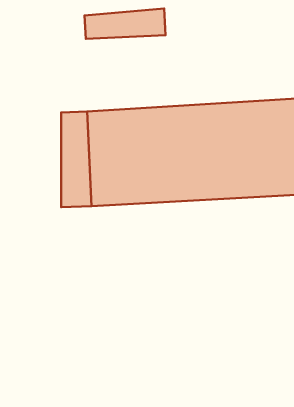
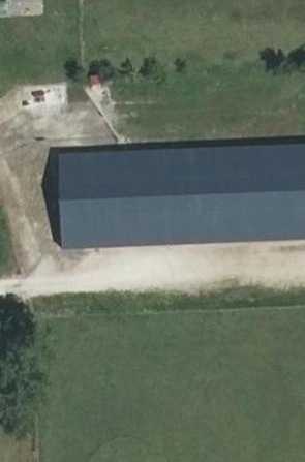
building: [85,8,166,39] -> none

